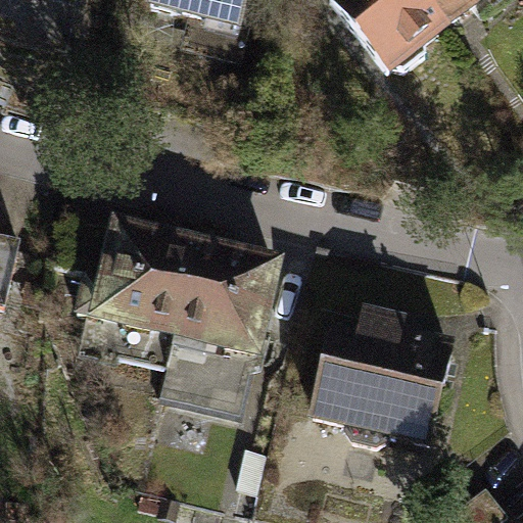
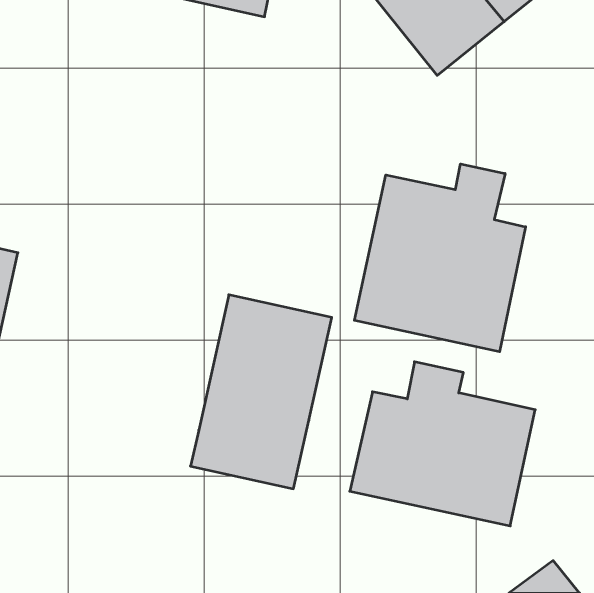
building: none -> [354,164,526,352]
building: [87,232,195,367] -> none

